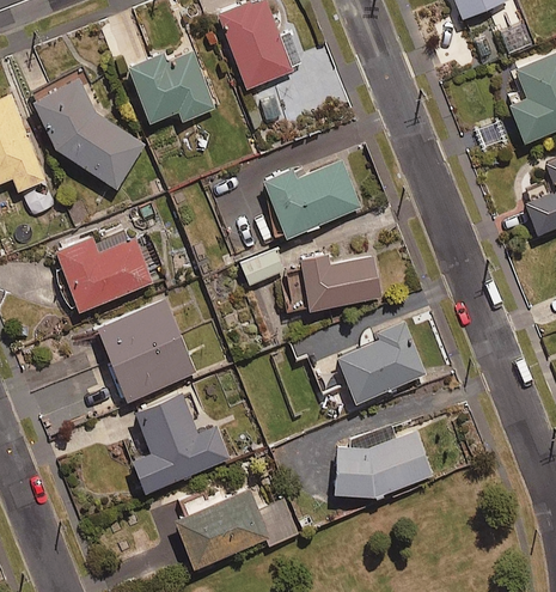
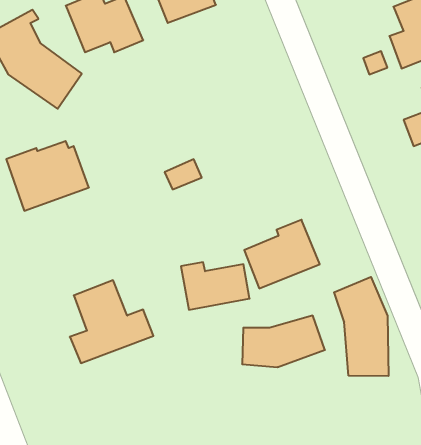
building: [263,161,362,238] -> none
building: [304,257,385,313] -> [181,262,250,310]
building: [96,300,196,402] -> none
building: none -> [334,277,388,376]
building: [152,490,300,581] -> none

